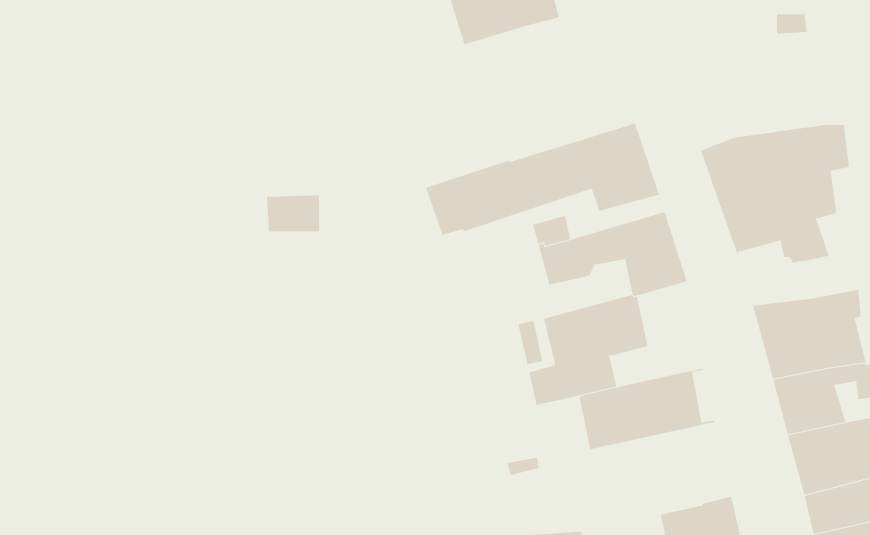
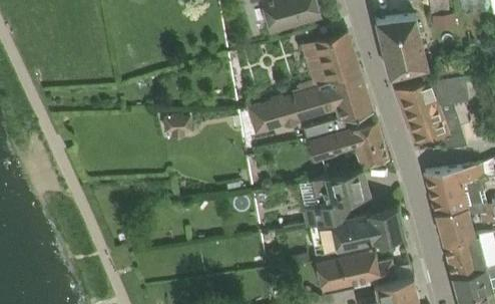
building: none -> [376,16,425,77]
building: none -> [292,34,361,95]
building: none -> [315,250,397,292]

